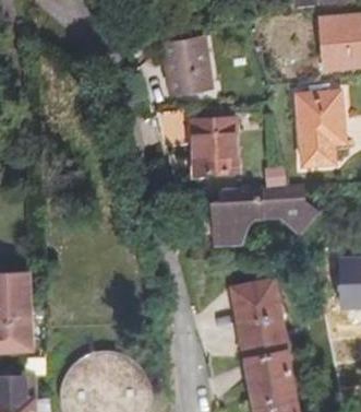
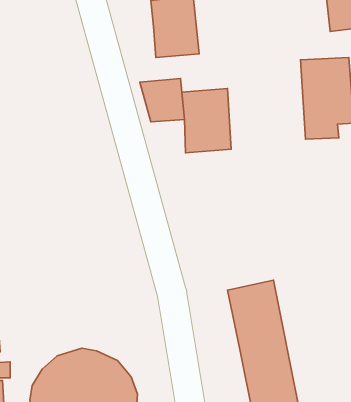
building: [214,187,320,243] -> none

